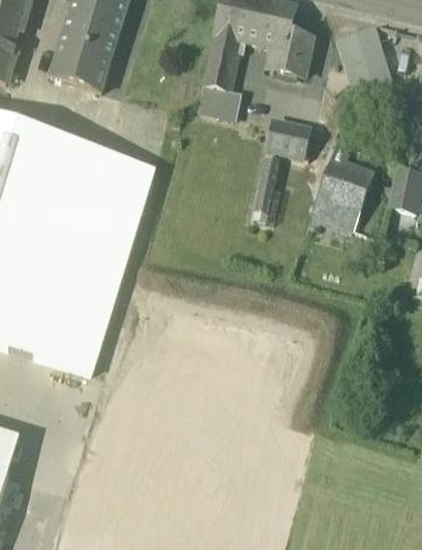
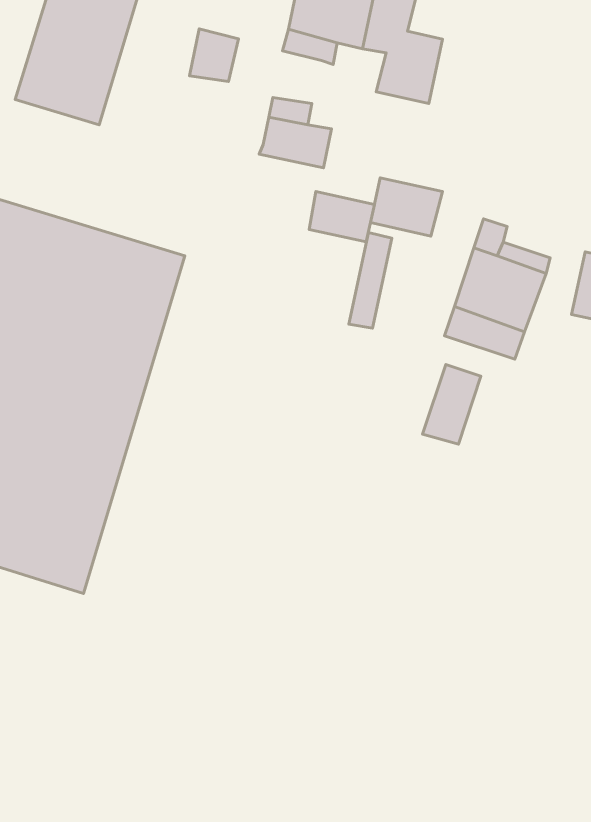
building: [336,24,390,91] -> none
building: [207,42,237,74] -> [190,29,238,82]
building: none -> [309,192,374,242]
building: none -> [422,365,481,444]

